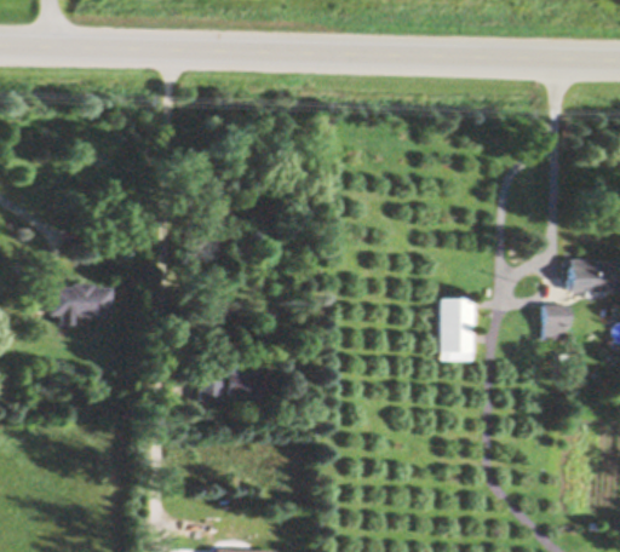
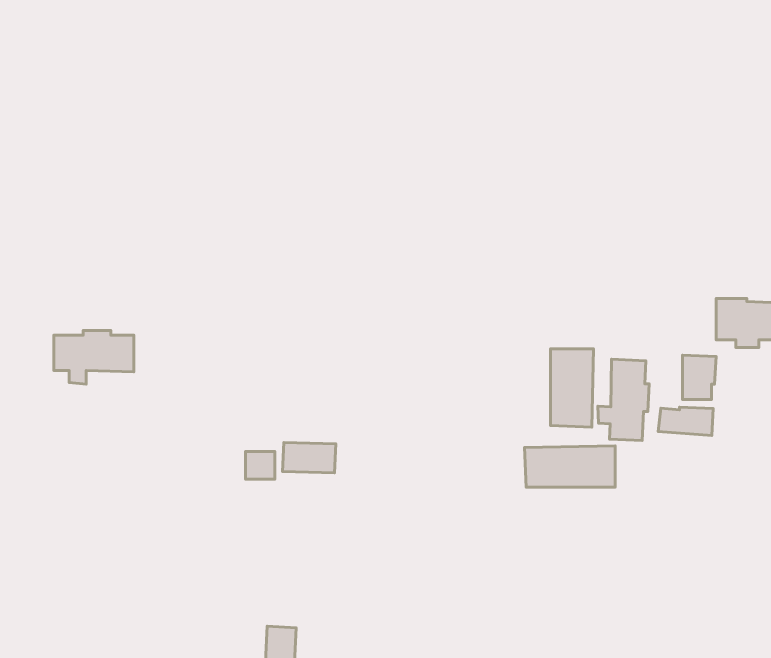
building: none -> [598,359,649,441]
building: none -> [658,407,713,435]
building: none -> [524,446,615,487]

